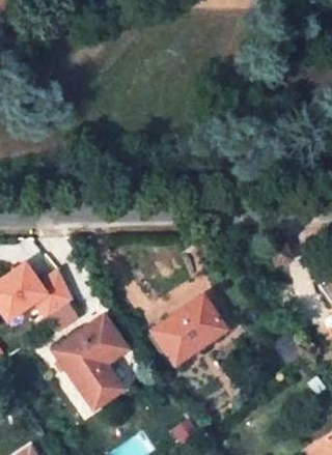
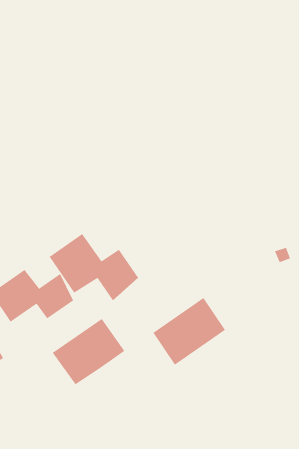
building: none -> [49,233,139,301]
building: [76,364,122,408] -> none

